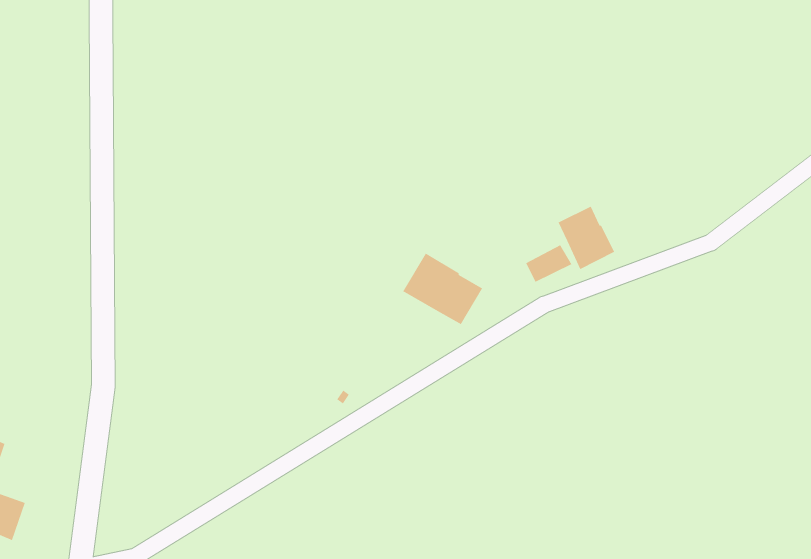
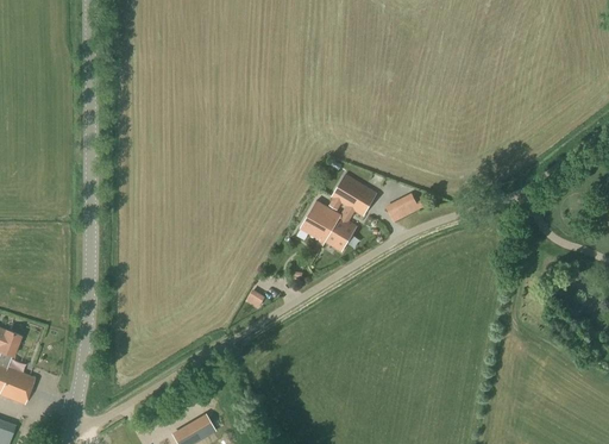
building: [557,206,615,270] -> none
building: none -> [329,174,377,215]

